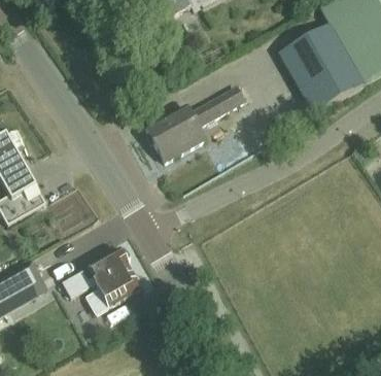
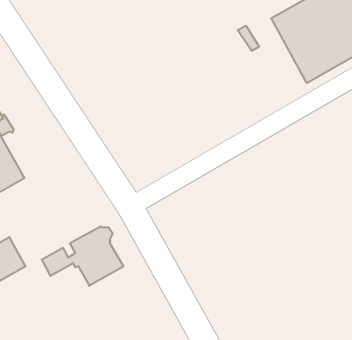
building: [143,87,243,163] -> none

